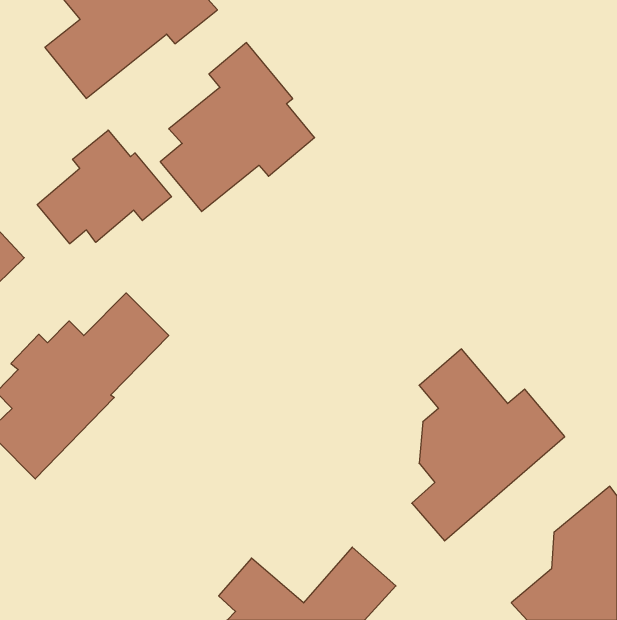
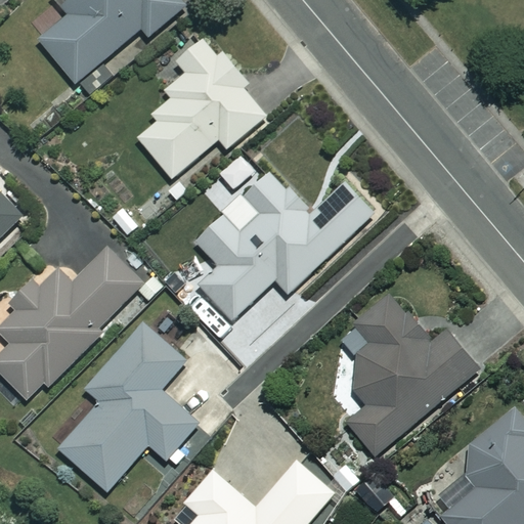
building: [37,130,171,244] -> none
building: none -> [195,175,373,323]
building: none -> [58,324,198,490]

